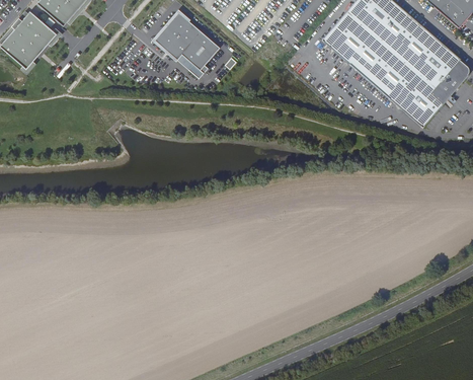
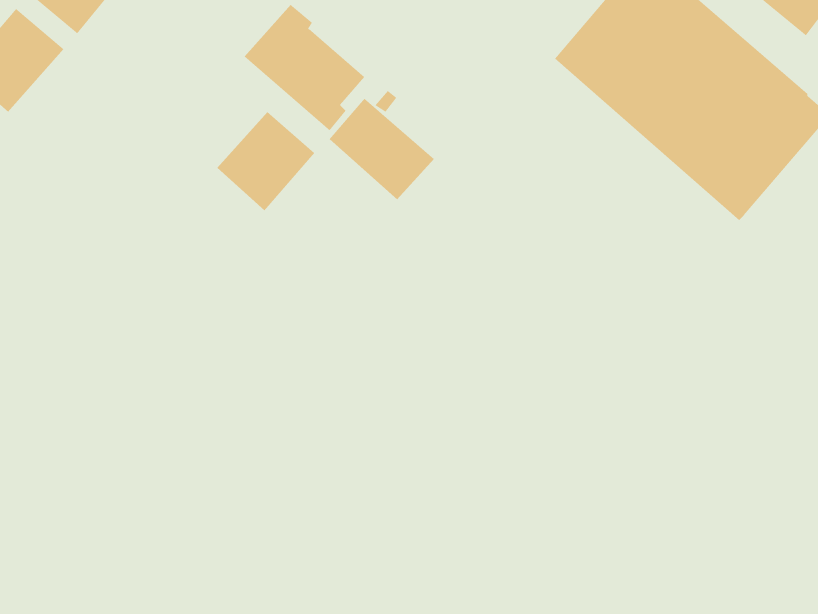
building: none -> [329,98,435,200]
building: none -> [217,111,315,211]

